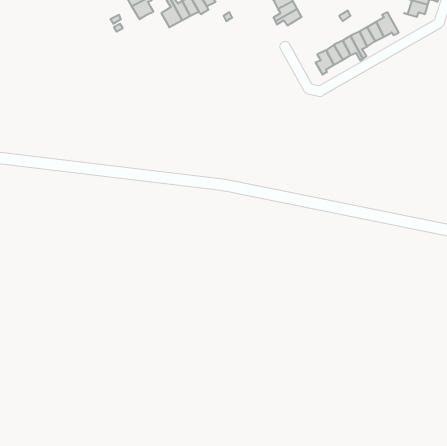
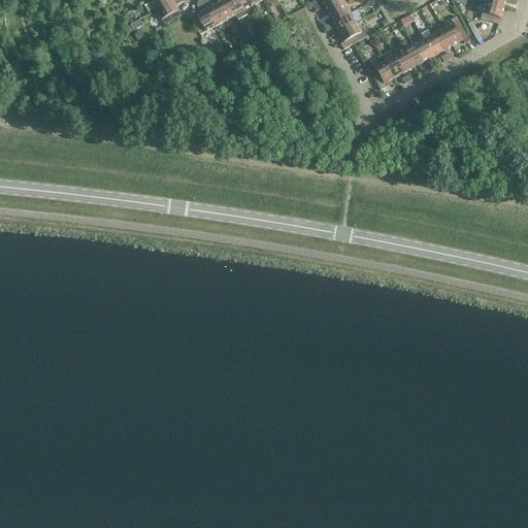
building: none -> [338,20,366,47]

